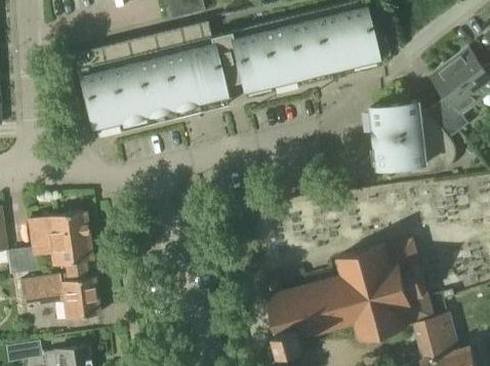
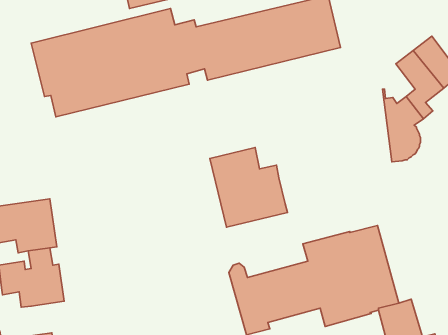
building: [371,101,427,176] -> none
building: none -> [210,148,287,227]

